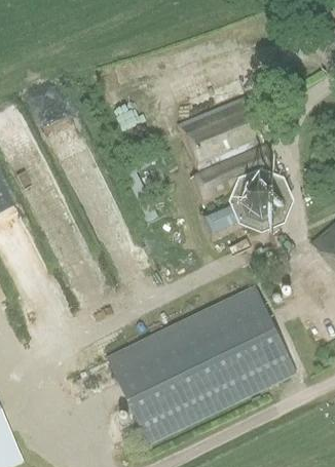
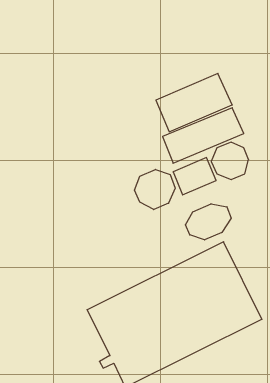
building: none -> [135,169,175,210]
building: none -> [185,204,231,240]

